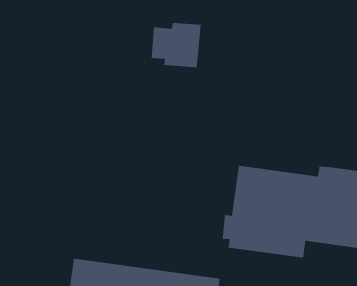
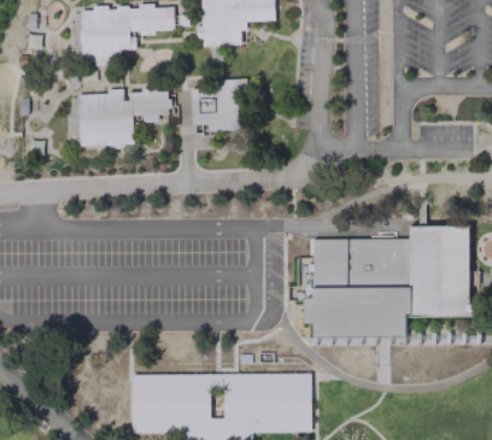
building: none -> [68,88,172,151]

